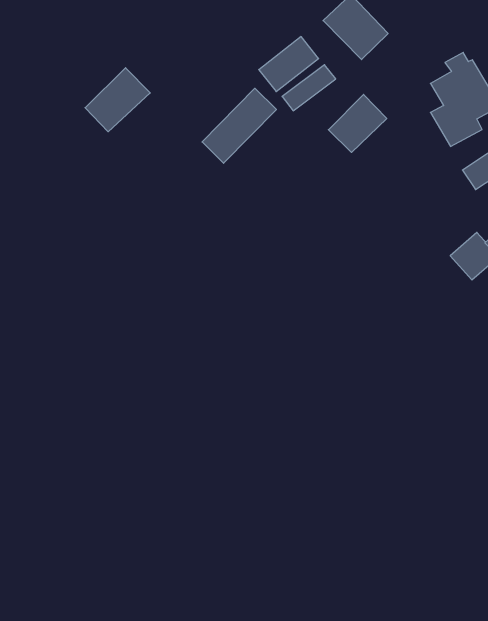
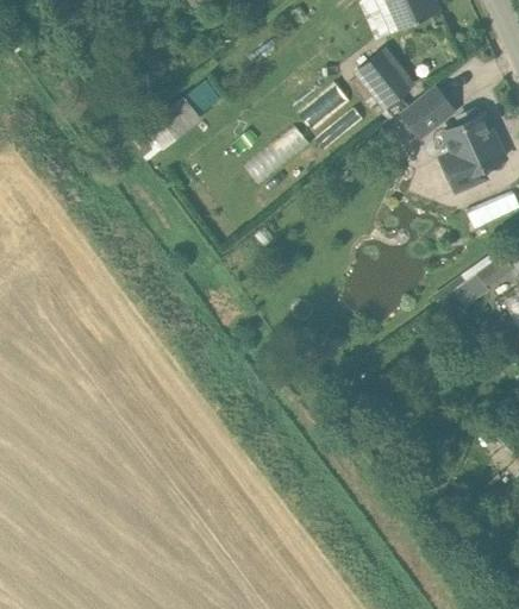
building: [328,94,387,152] -> [401,89,452,138]

